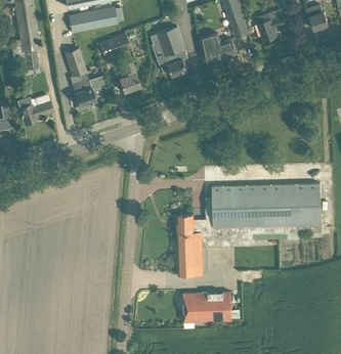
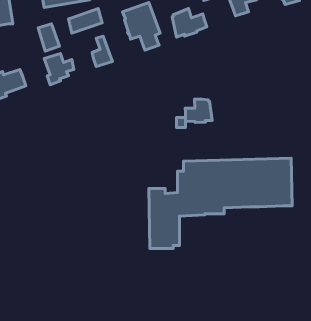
building: none -> [185,99,212,123]
building: [183,293,231,322] -> none

